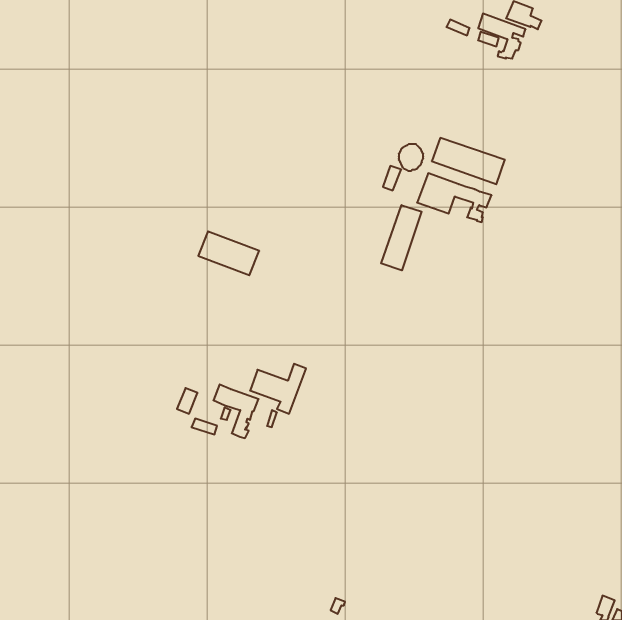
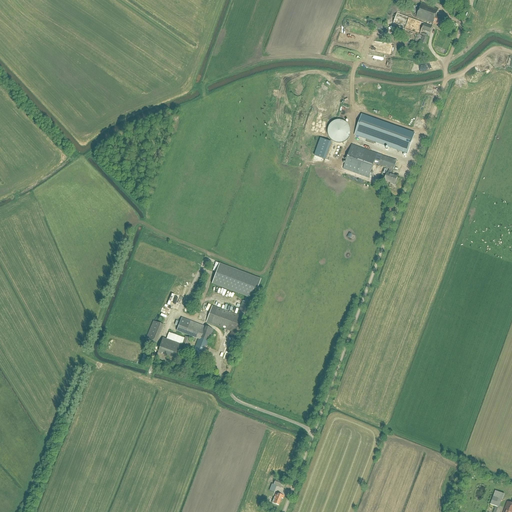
building: [381,205,422,270] -> none
building: [198,231,259,275] -> [210,261,260,297]

